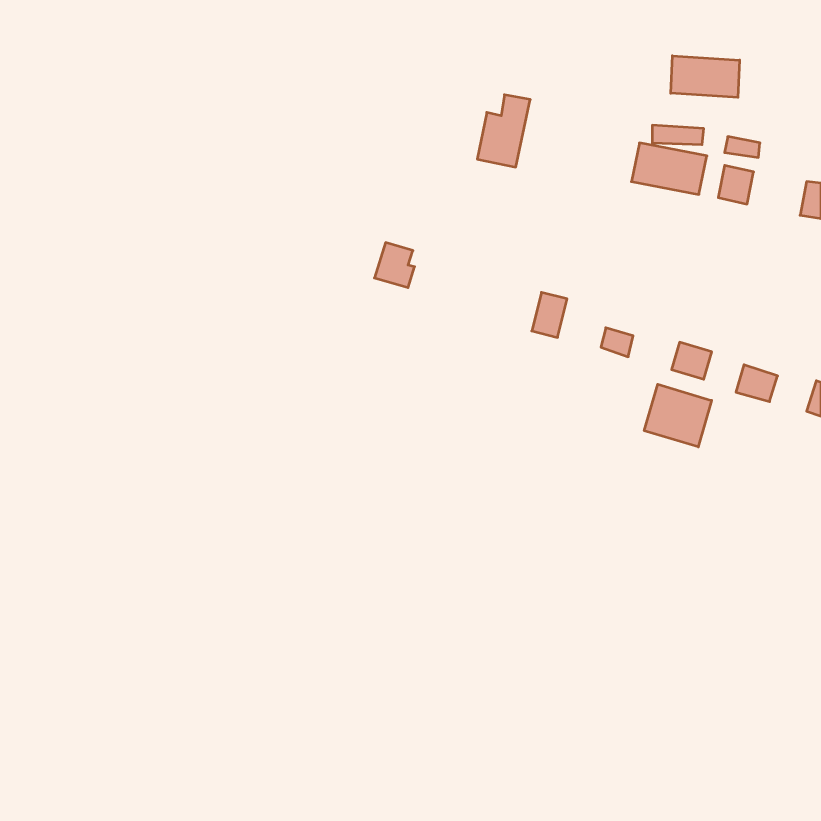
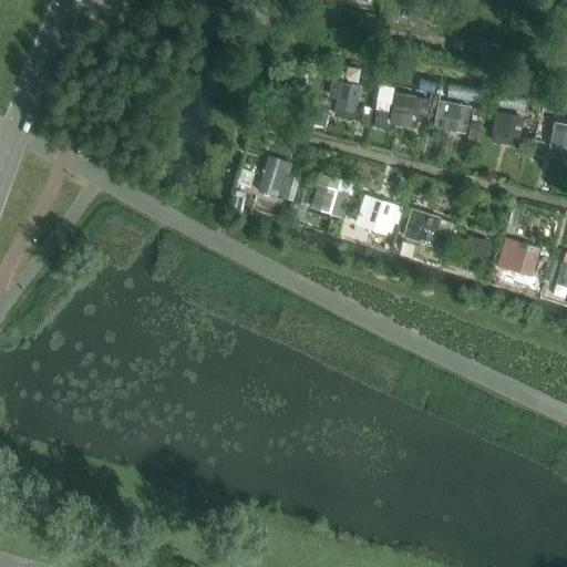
building: [671,56,740,97] -> none
building: none -> [386,87,431,127]
building: none -> [311,175,340,214]
building: [644,384,712,447] -> none

